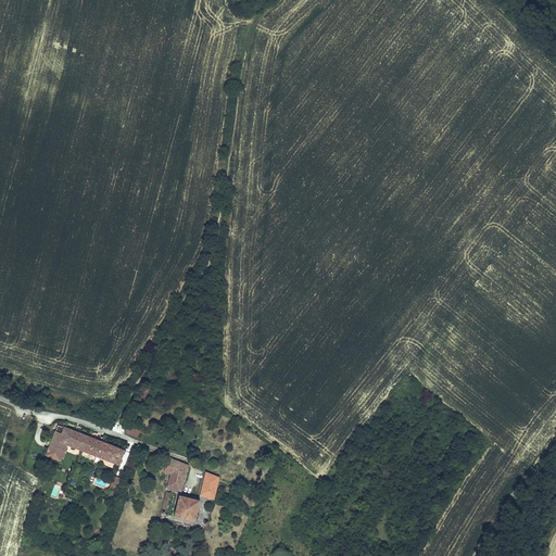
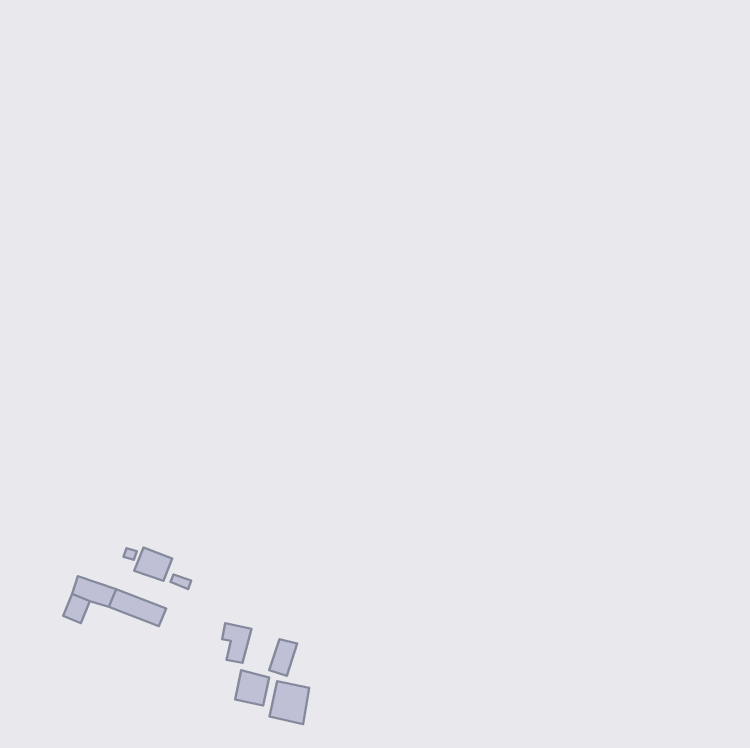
building: none -> [134,547,172,581]
building: none -> [270,681,309,724]

